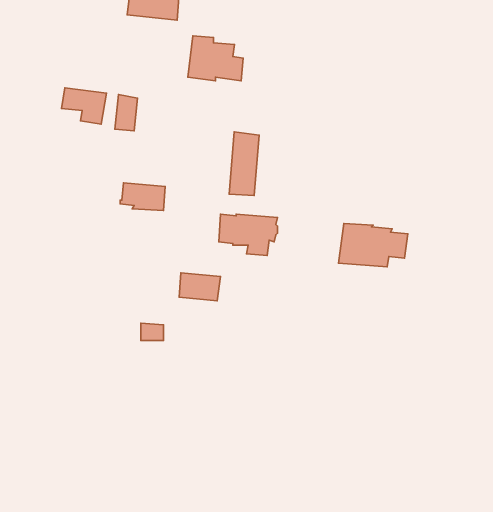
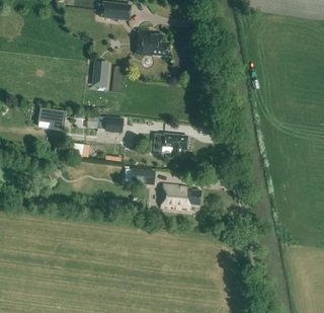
building: [61,88,106,124] -> [39,107,66,129]
building: [229,132,259,196] -> none
building: [339,223,408,267] -> [161,184,201,210]

